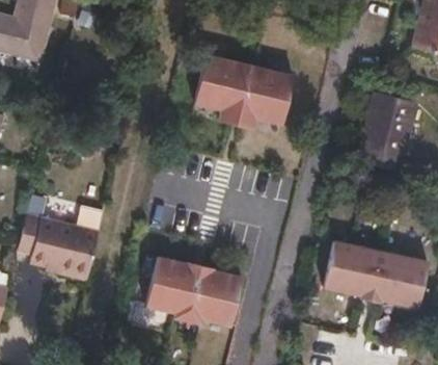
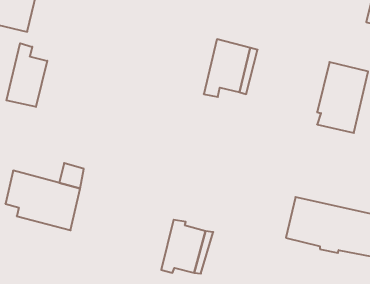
building: [193,57,249,128] -> none
building: none -> [6,43,47,107]
building: [145,260,201,321] -> none

